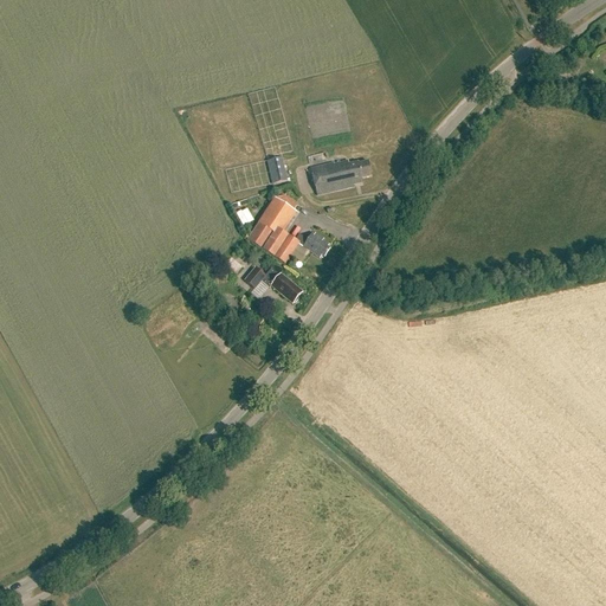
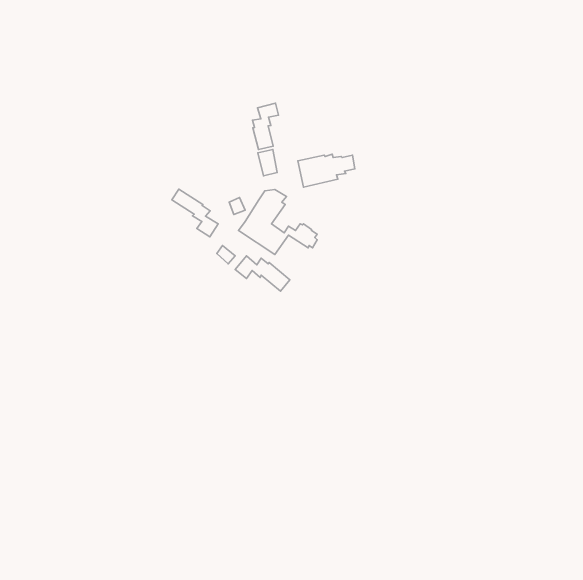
building: none -> [253,103,278,150]
building: none -> [172,189,218,237]

